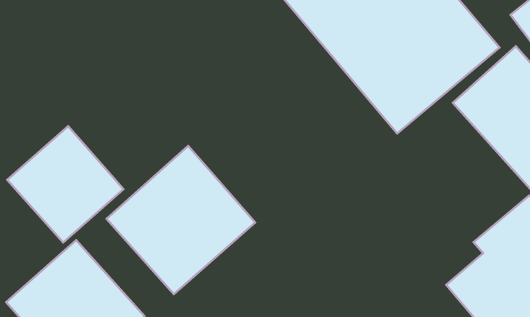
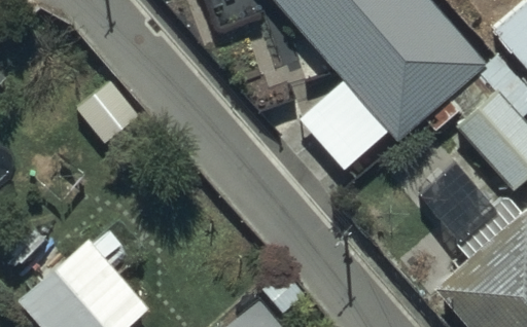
building: [7,126,123,243] -> none
building: [107,146,255,294] -> none

